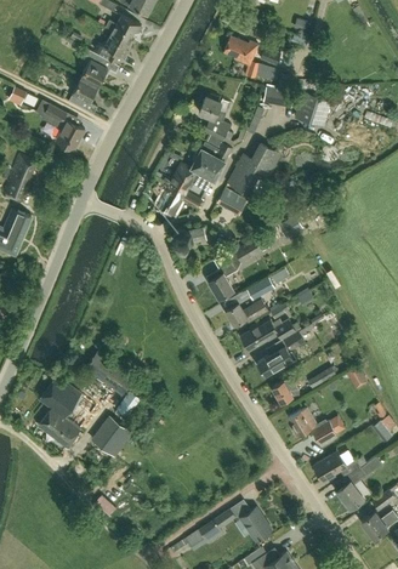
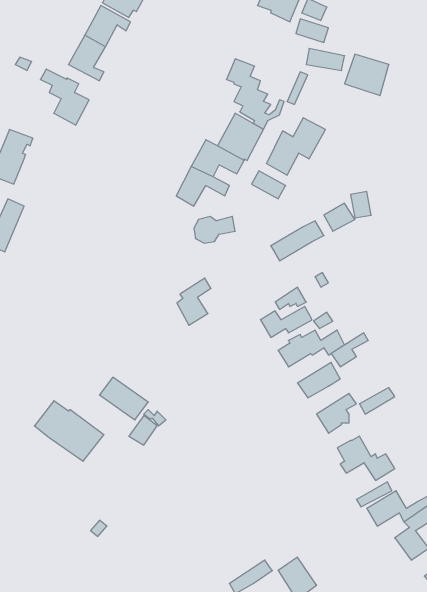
building: [207,262,235,301] -> [177,278,211,325]
building: [39,409,79,445] -> none
building: [89,416,131,459] -> none

